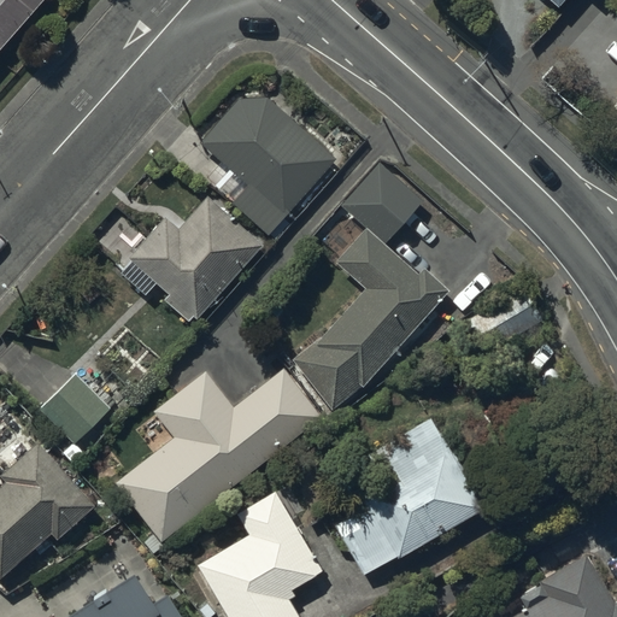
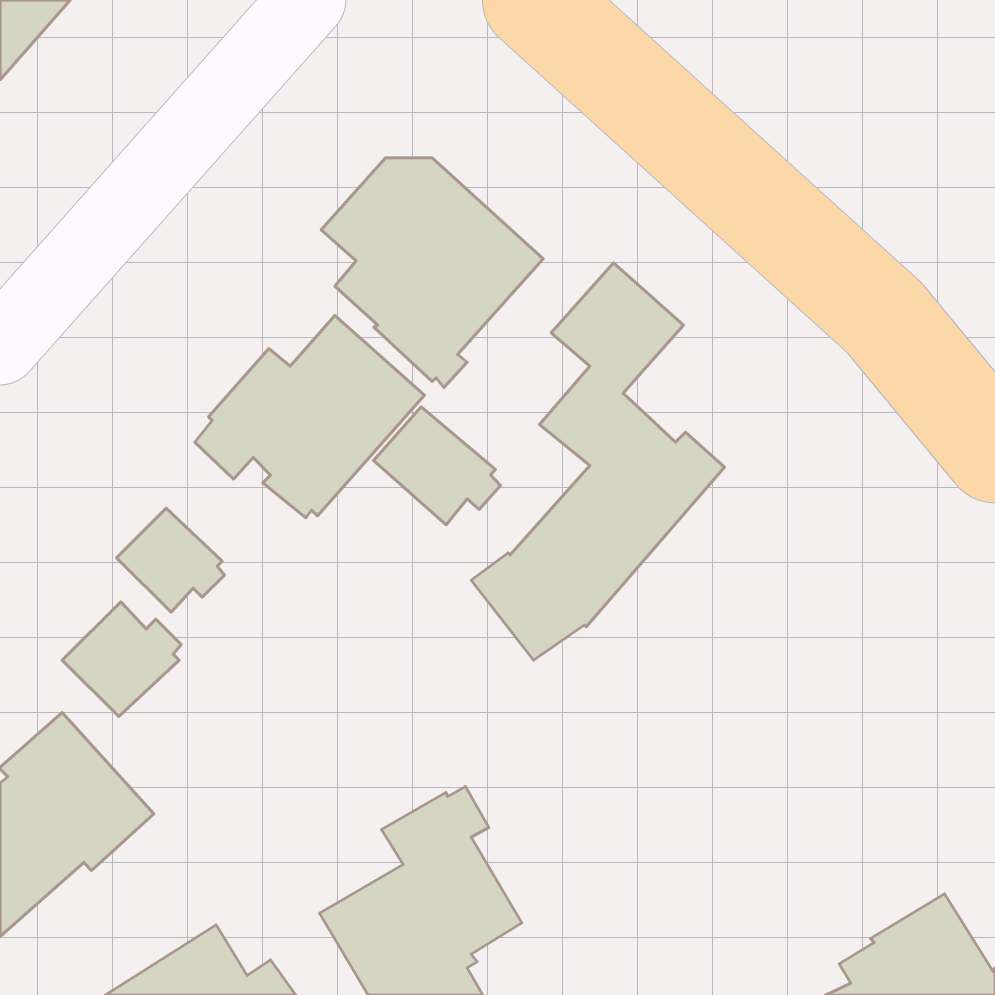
building: none -> [374,407,501,525]
building: none -> [117,508,224,612]
building: [114,368,322,542] -> none
building: [335,417,489,575] -> none

